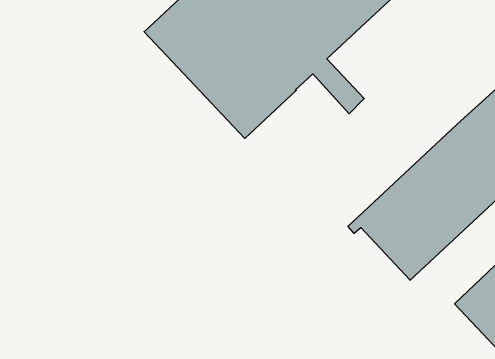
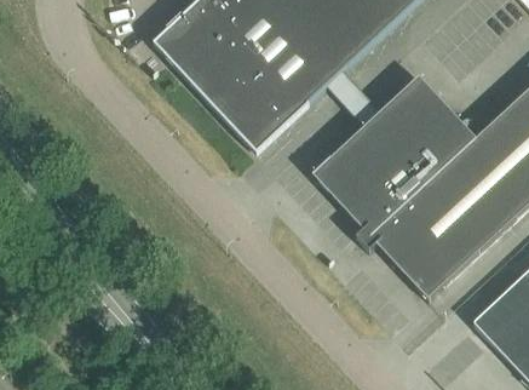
building: none -> [312,75,476,242]

